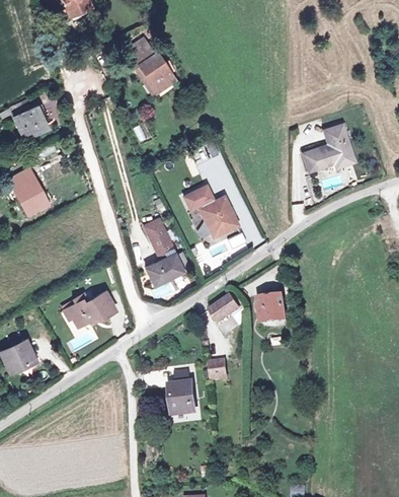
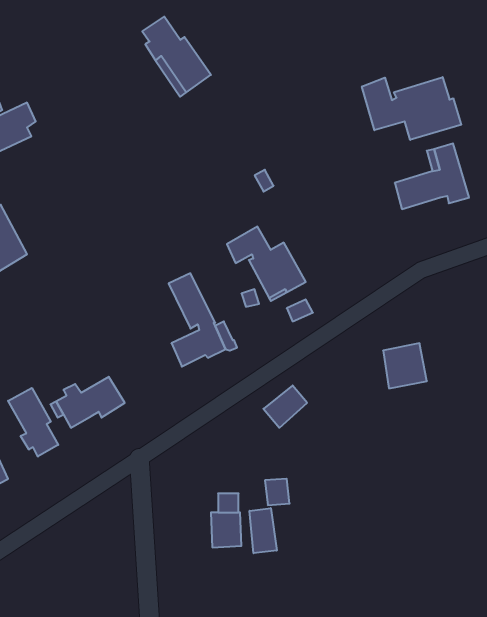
building: none -> [362,77,461,140]
building: [256,294,287,326] -> [383,343,427,388]
building: none -> [8,388,58,457]
building: none -> [250,508,277,553]

